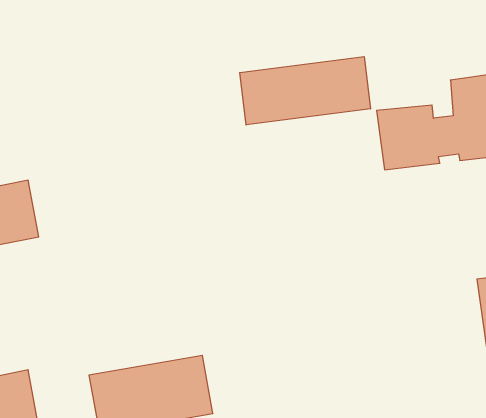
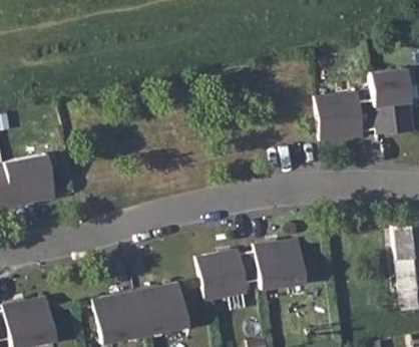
building: [240,57,370,125] -> none
building: none -> [201,242,311,298]

